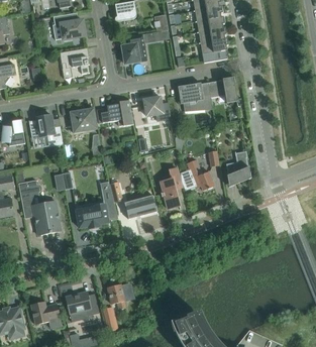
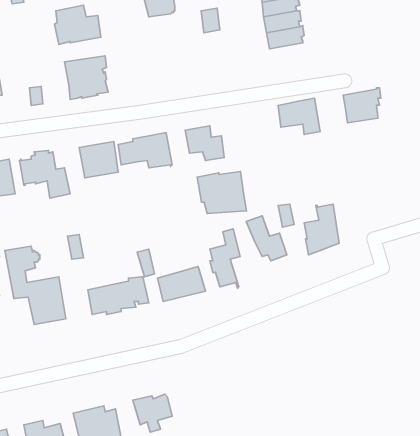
building: [122,33,146,64] -> none
building: [202,37,228,62] -> [343,88,381,123]
building: [178,82,212,111] -> [197,172,246,214]

